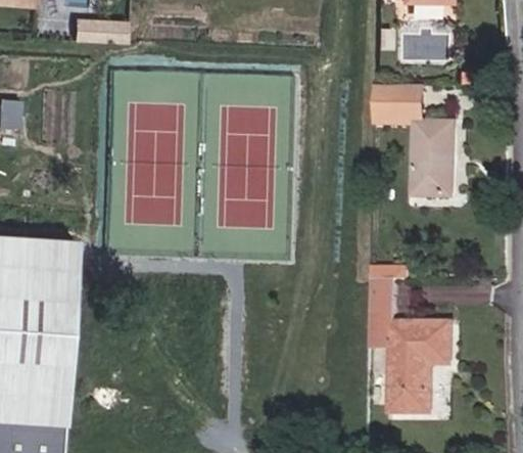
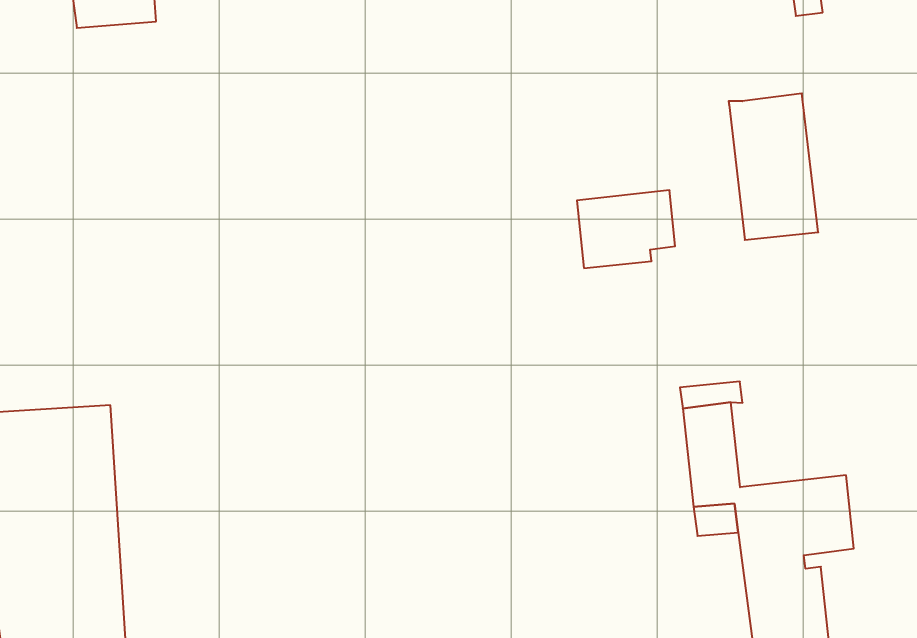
building: [375,87,425,124] -> [577,190,675,268]

